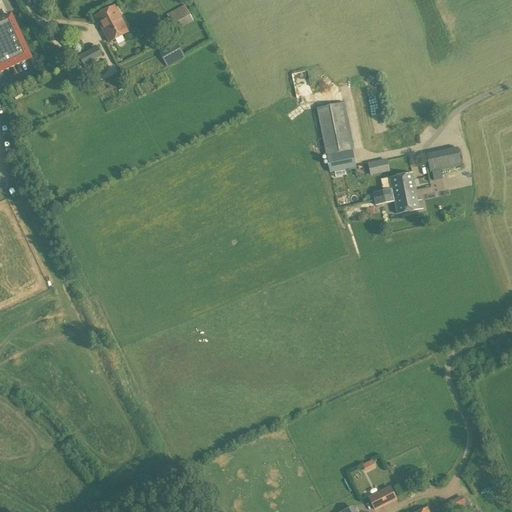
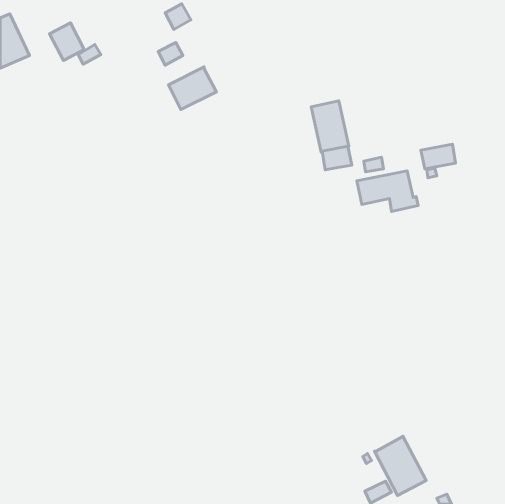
building: [94,4,129,42] -> [50,23,84,60]
building: none -> [168,67,217,110]
building: none -> [374,436,426,495]

